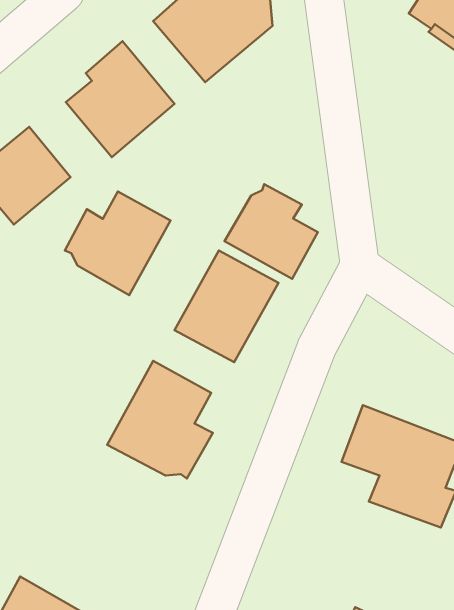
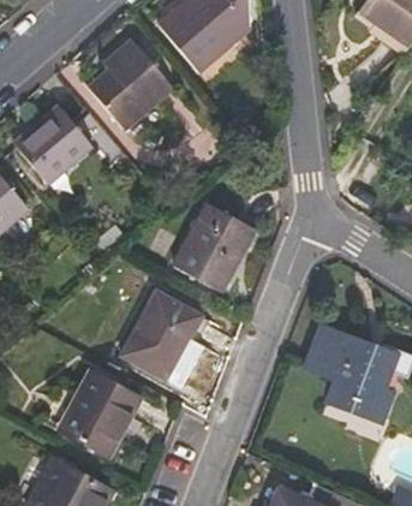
building: [225,184,318,279] -> none
building: [65,191,171,295] -> none
building: none -> [59,371,138,457]

